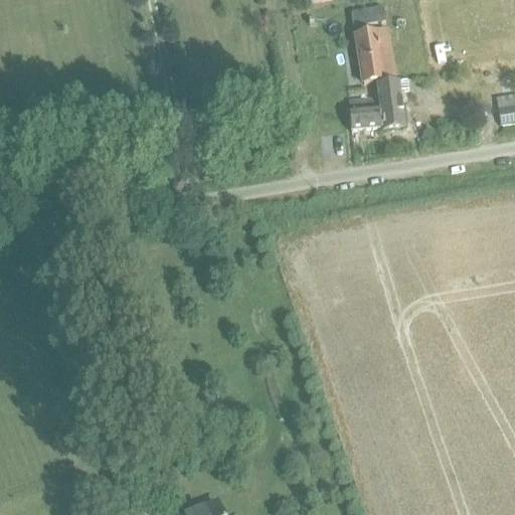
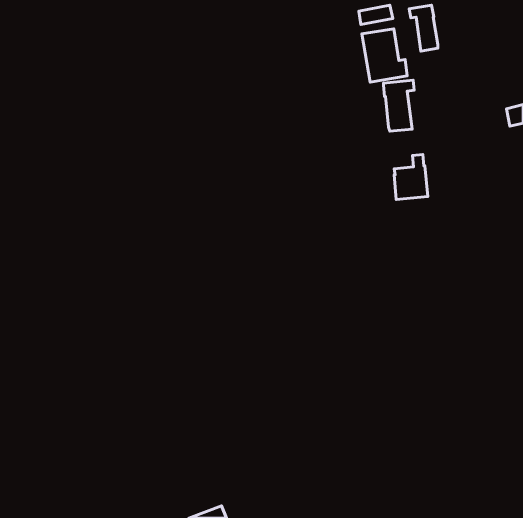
building: none -> [409,5,438,51]
building: [348,83,381,128] -> [394,154,428,200]

